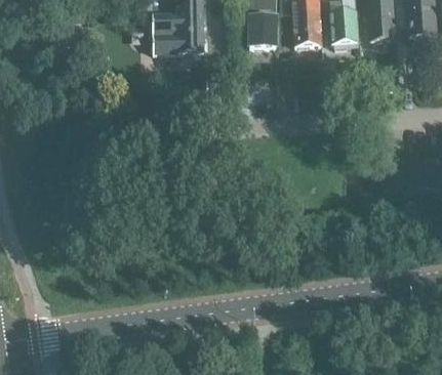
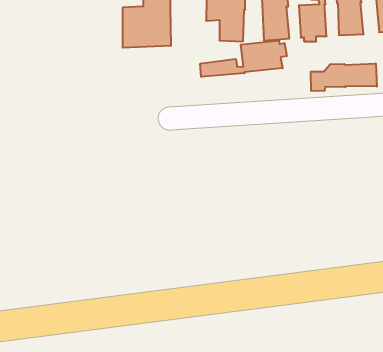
building: none -> [200,41,287,77]
building: none -> [311,63,377,91]

